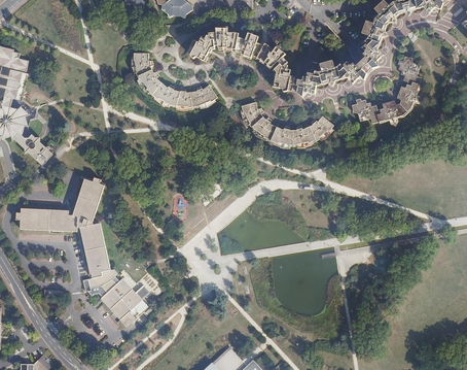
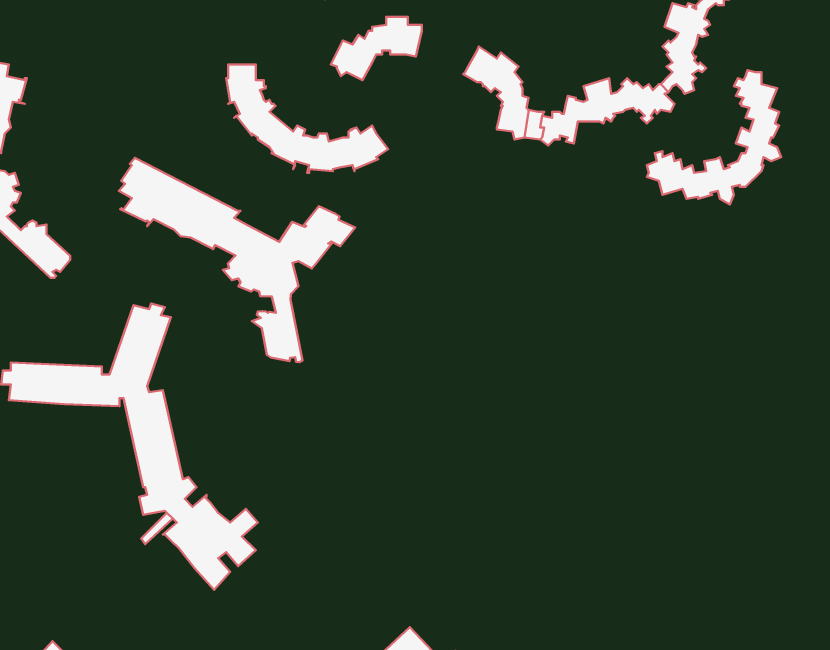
building: [236,33,263,59] -> none
building: [241,101,333,147] -> none
building: none -> [119,158,355,362]

